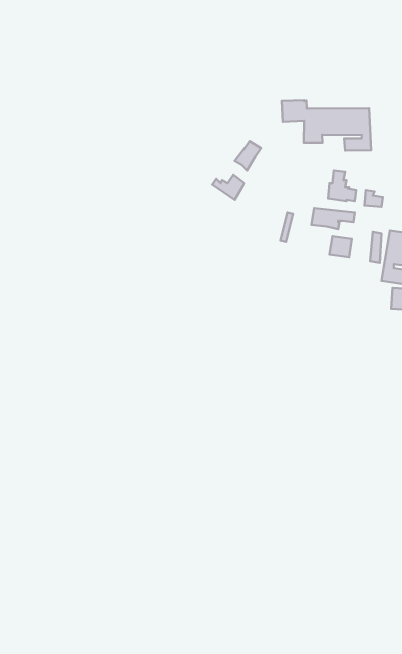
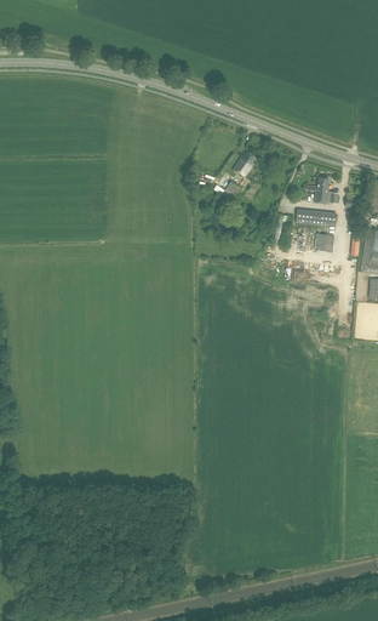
building: [282,100,371,150] -> none

